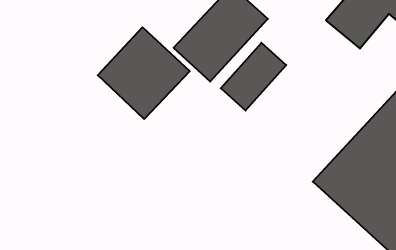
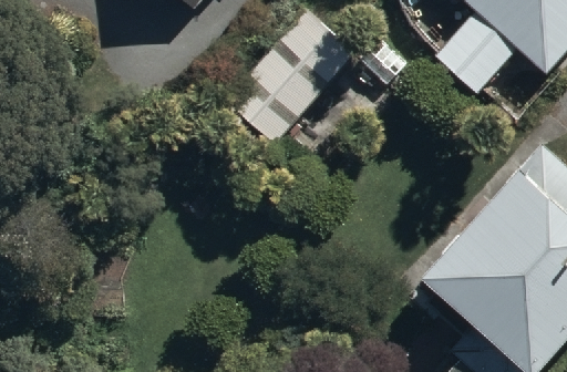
building: [98,27,190,119] -> none

